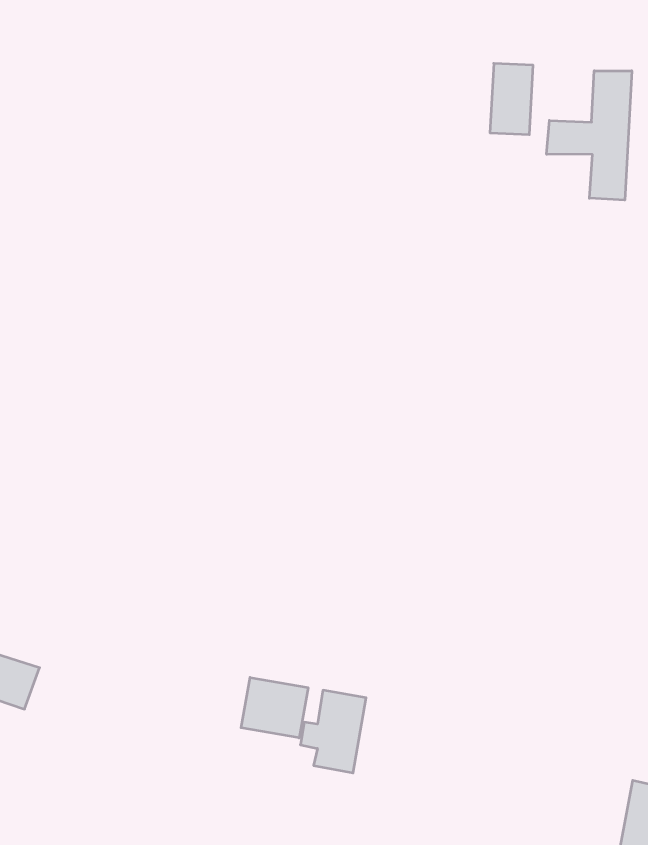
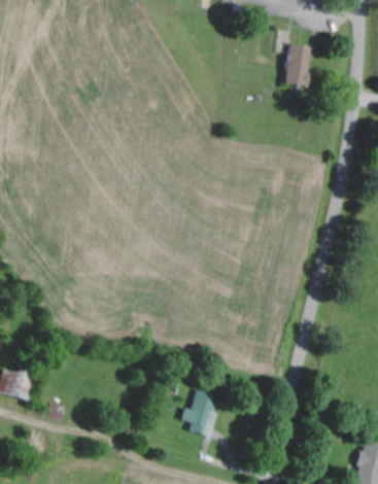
building: [547,71,632,200] -> none
building: [241,677,308,738] -> none

